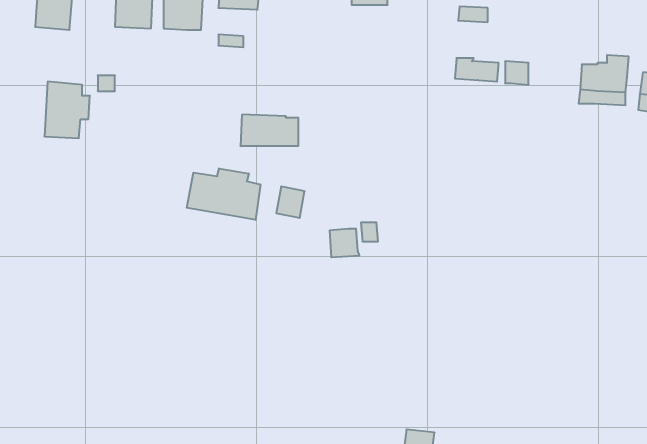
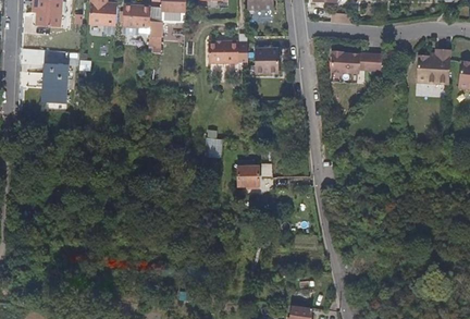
building: none -> [259,49,283,74]
building: [240,115,298,146] -> [212,36,252,58]
building: [187,168,260,220] -> none

